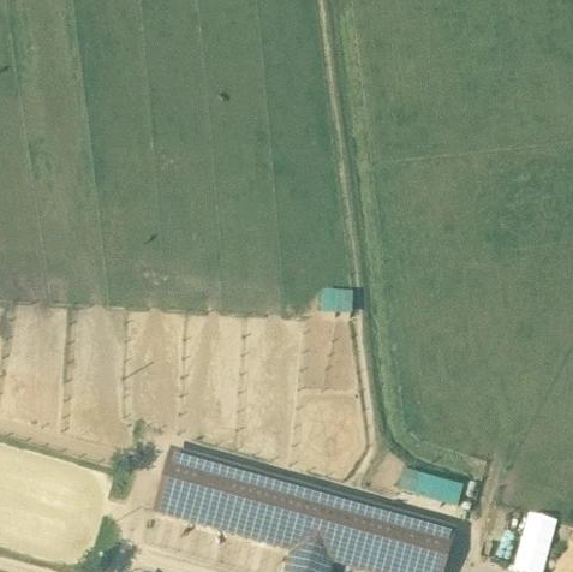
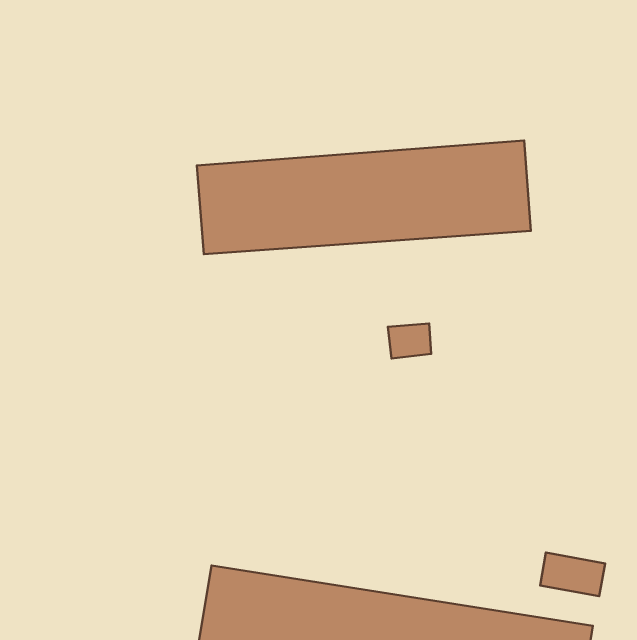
building: none -> [197,140,531,254]

